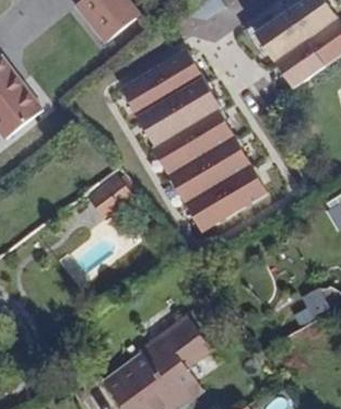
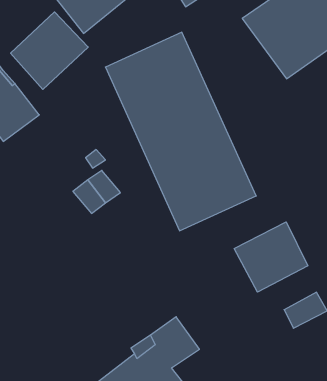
building: none -> [11,12,88,89]
building: none -> [234,222,308,292]

